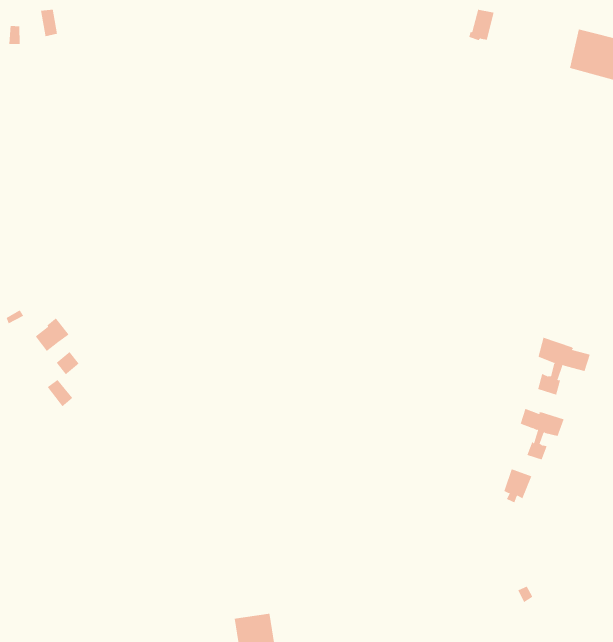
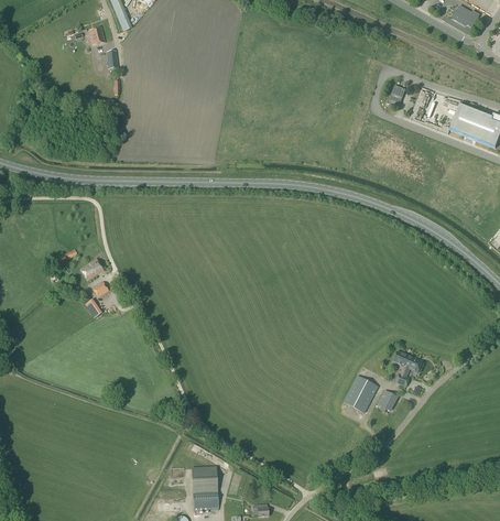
building: [538,337,590,396] -> none
building: none -> [344,375,378,412]

